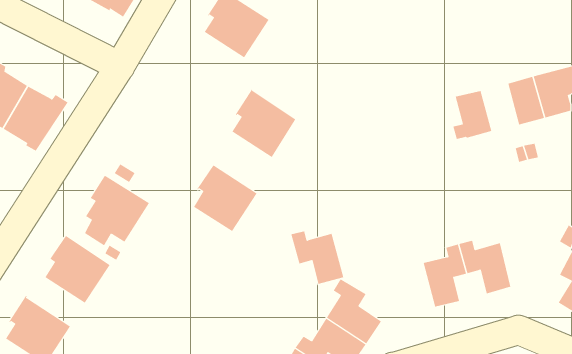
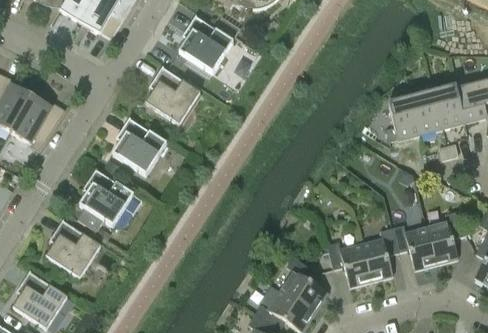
building: none -> [410,93,441,133]
building: [231,88,296,158] -> [145,65,199,123]
building: [193,164,258,232] -> [112,117,166,174]
building: none -> [426,209,467,263]
building: [290,231,344,285] -> [326,241,371,286]

